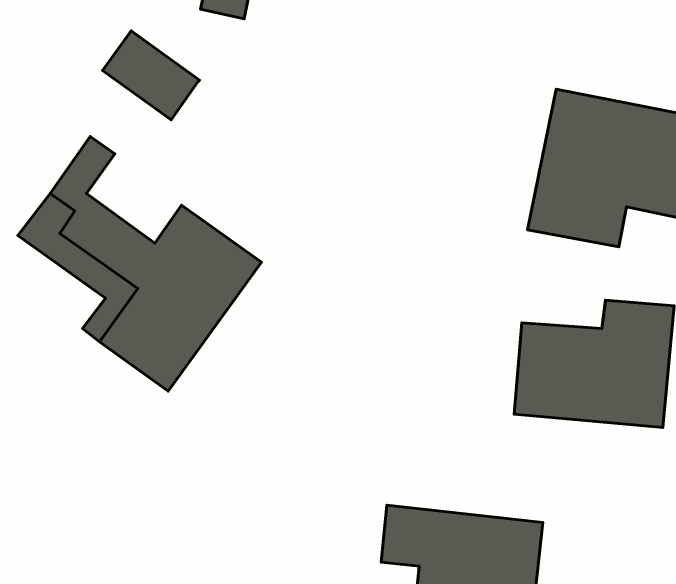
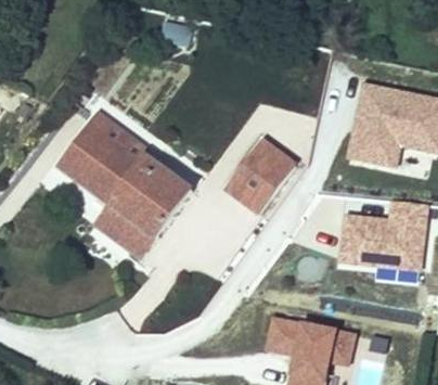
building: [103,31,200,120] -> [95,118,151,169]
building: none -> [226,133,295,207]

